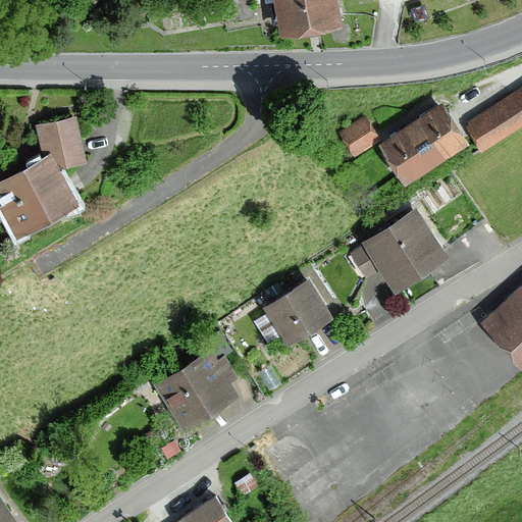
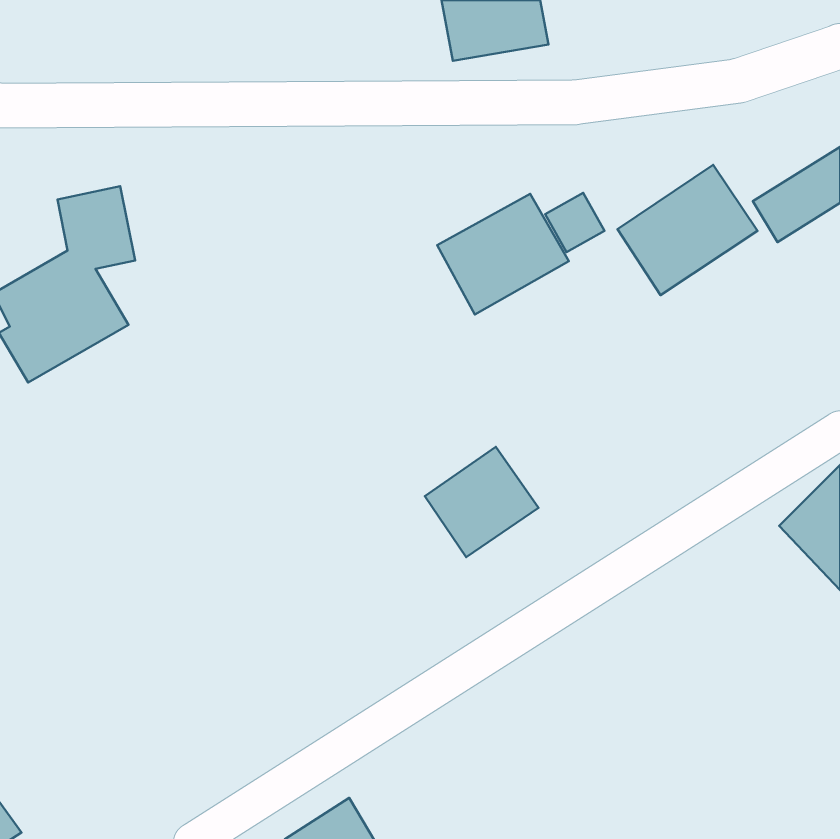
building: none -> [437,194,569,314]
building: [350,209,446,290] -> none
building: [155,352,240,432] -> none

